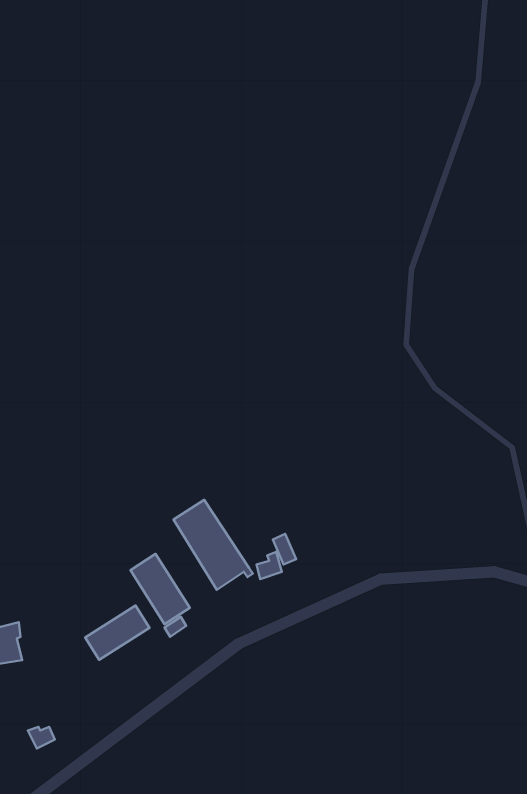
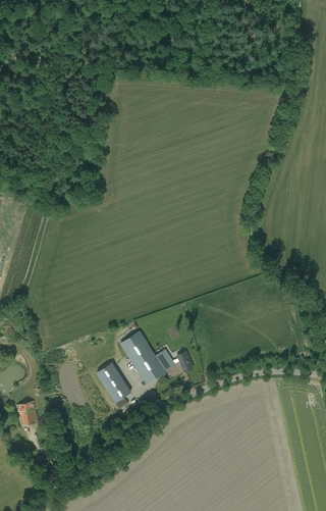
building: [85,606,149,660] -> none

